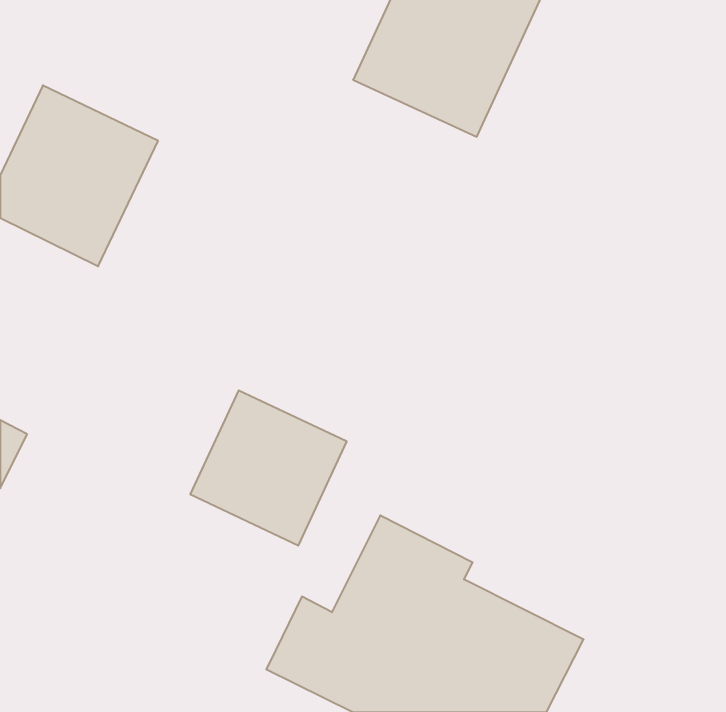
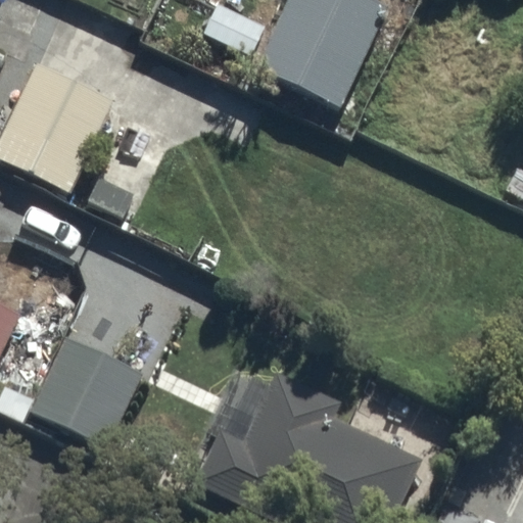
building: [190,390,347,546] -> [28,333,140,444]

